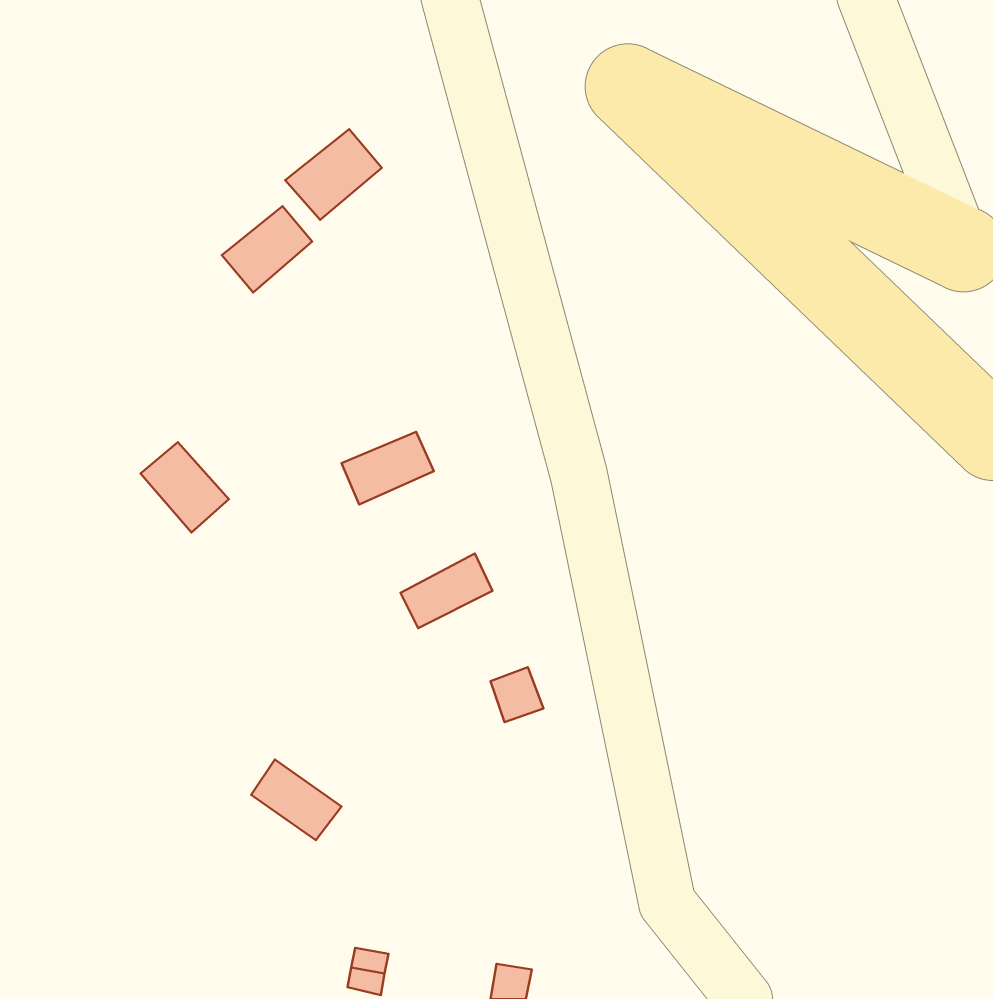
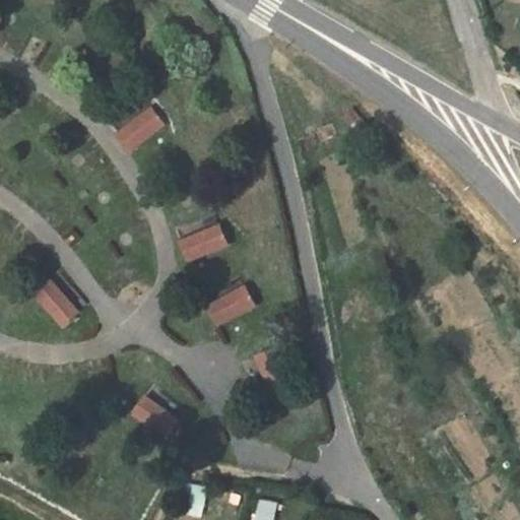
building: [285,129,382,220] -> none
building: [141,442,229,533] -> [32,278,78,325]

